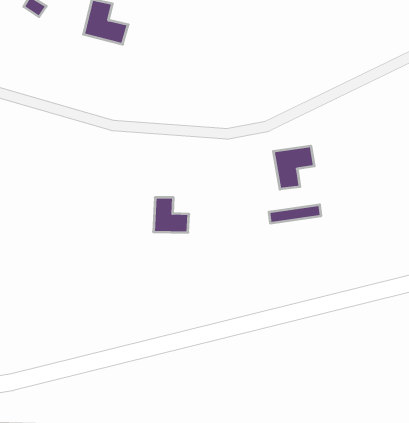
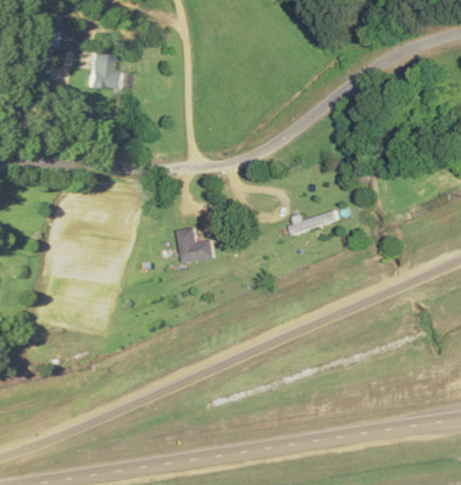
building: [273,146,314,189] -> none

